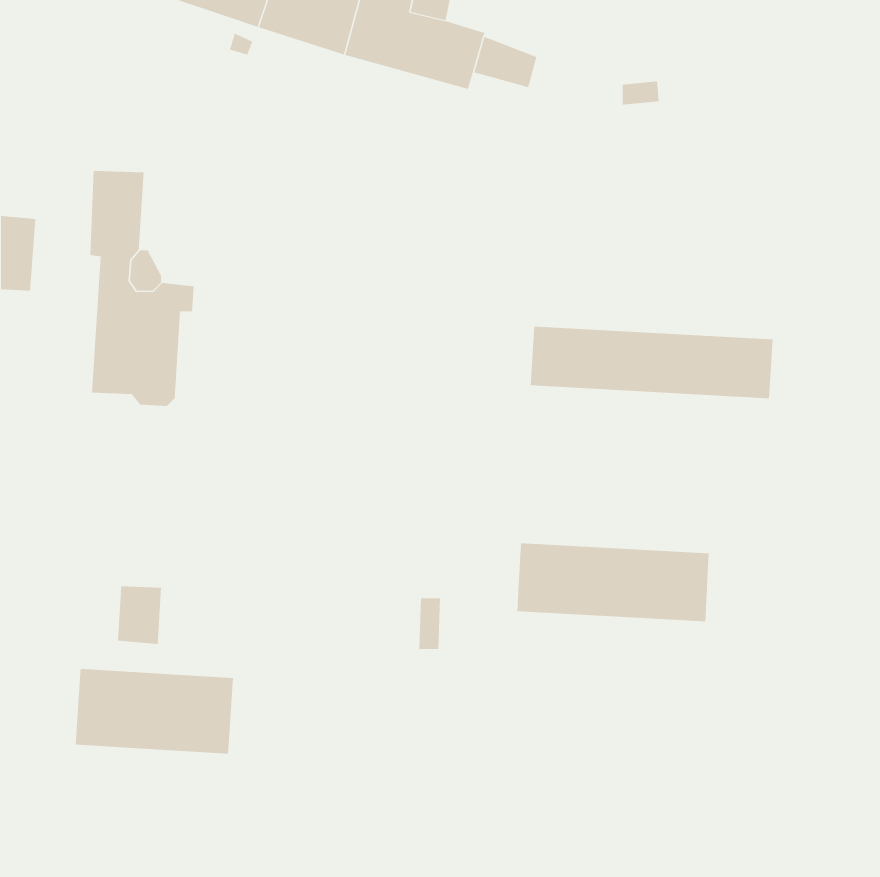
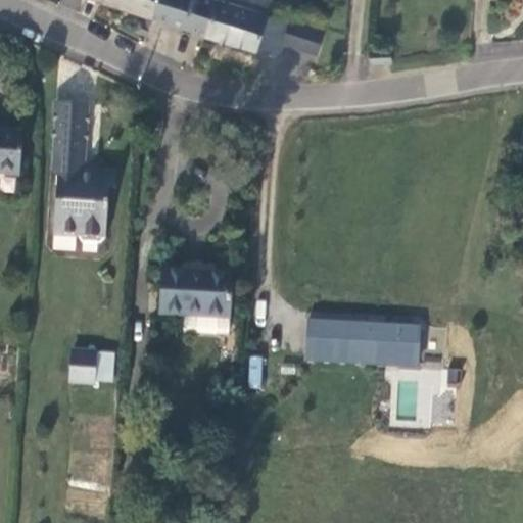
building: [530,326,773,399] -> none
building: none -> [158,268,232,317]
building: [75,668,233,755] -> none

